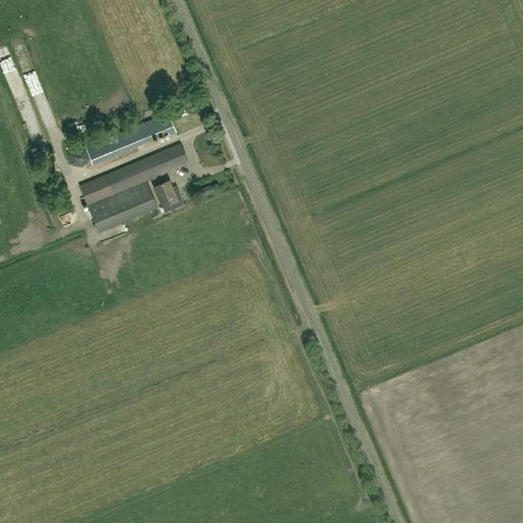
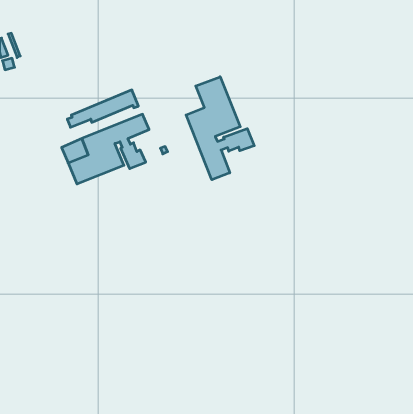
building: none -> [186,77,254,180]

